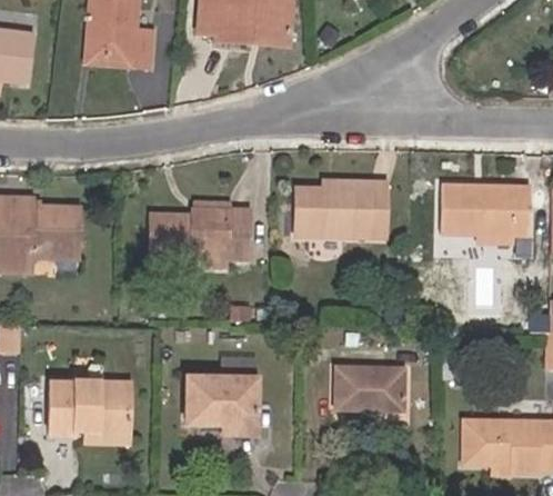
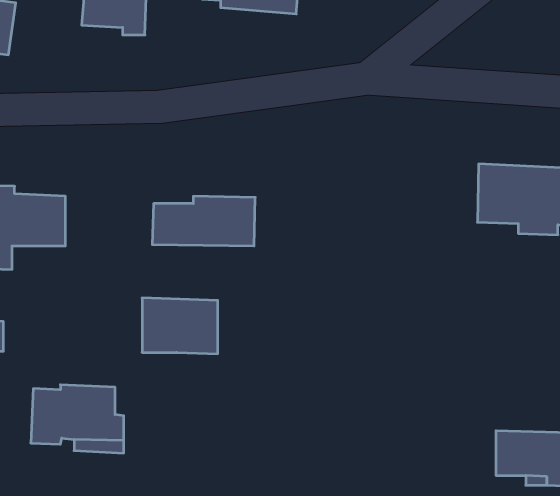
building: [296,180,384,235] -> none
building: [336,364,401,410] -> none
building: [187,385,254,435] -> [142,298,218,354]

